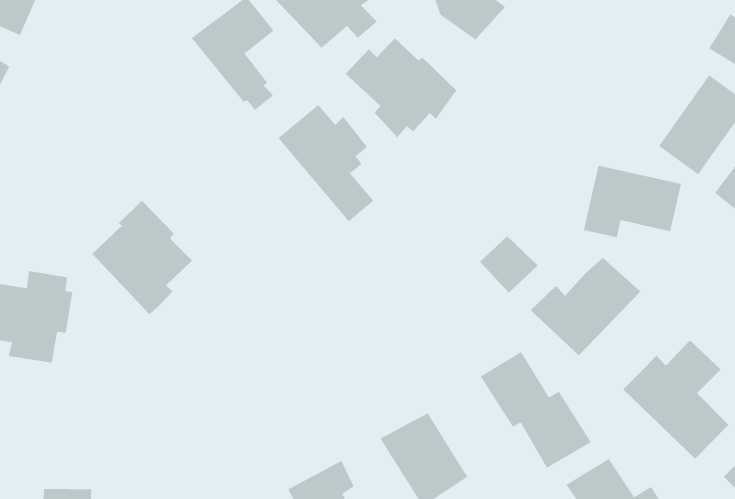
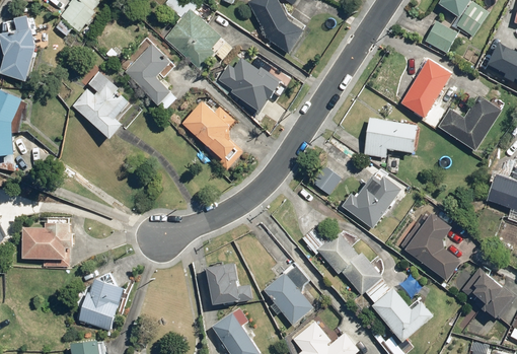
building: [92,200,193,315] -> [72,72,131,138]
building: none -> [207,260,250,303]
building: none -> [81,279,126,331]

